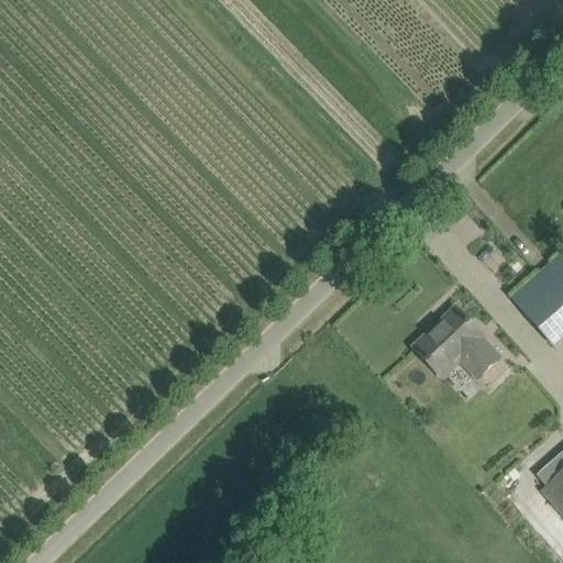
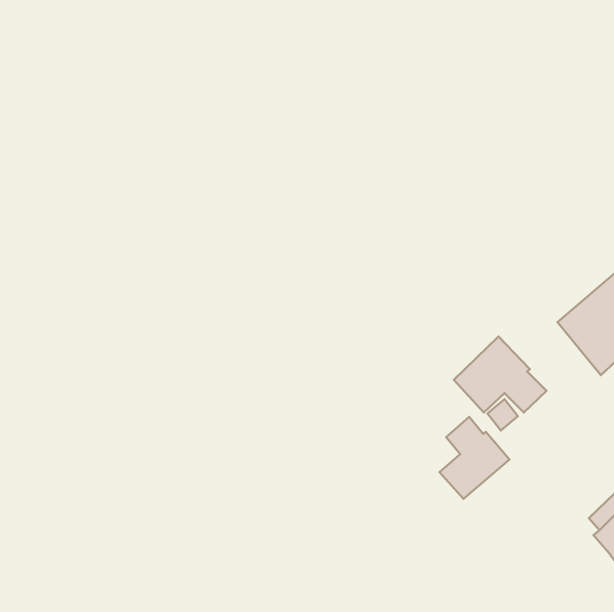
building: none -> [439,417,510,499]

